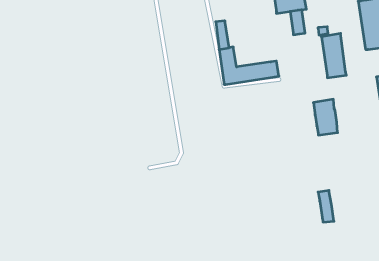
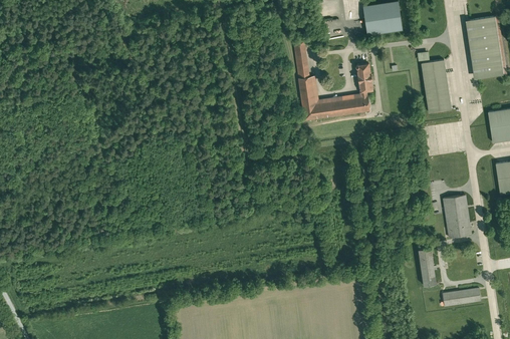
building: [290,10,305,35] -> [356,63,374,93]
building: [313,99,338,135] -> [443,194,472,237]
building: none -> [443,287,481,306]

